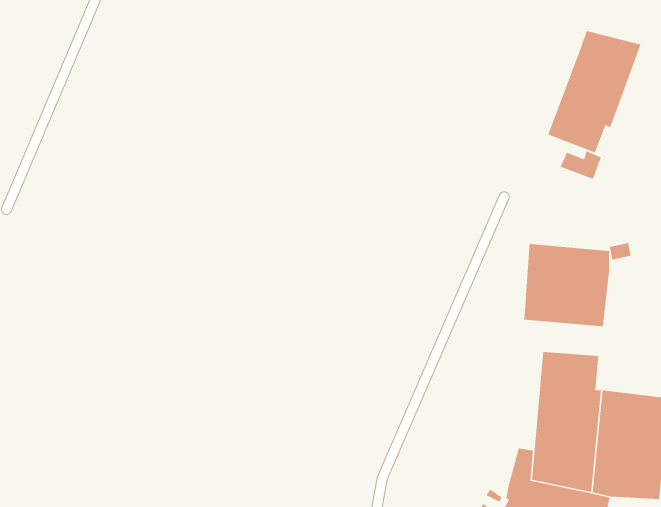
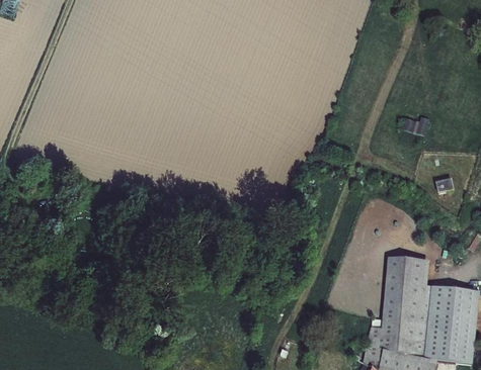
building: [547,30,642,154] -> none
building: [524,243,610,327] -> none

